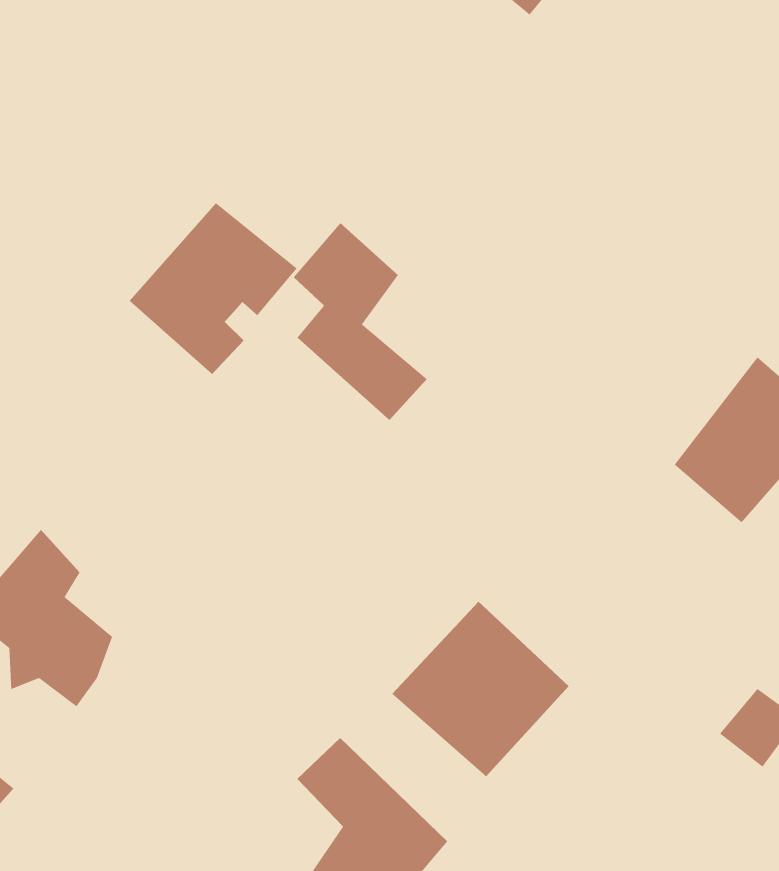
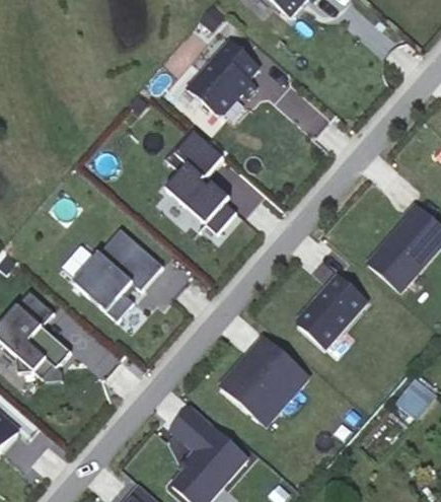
building: none -> [187,41,258,119]
building: [129,202,297,375] -> [72,229,162,321]
building: none -> [294,267,371,350]

